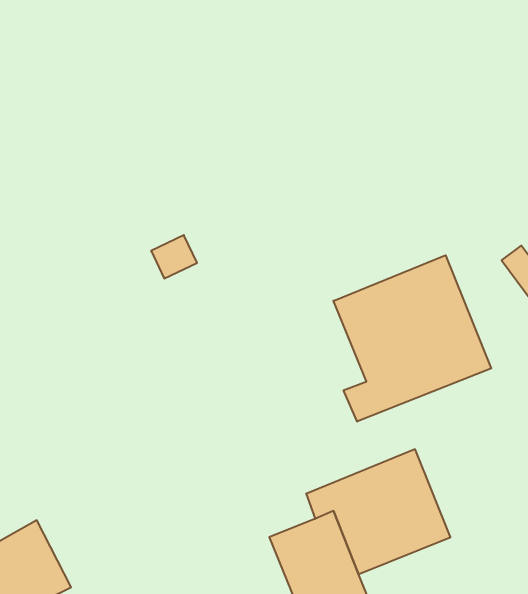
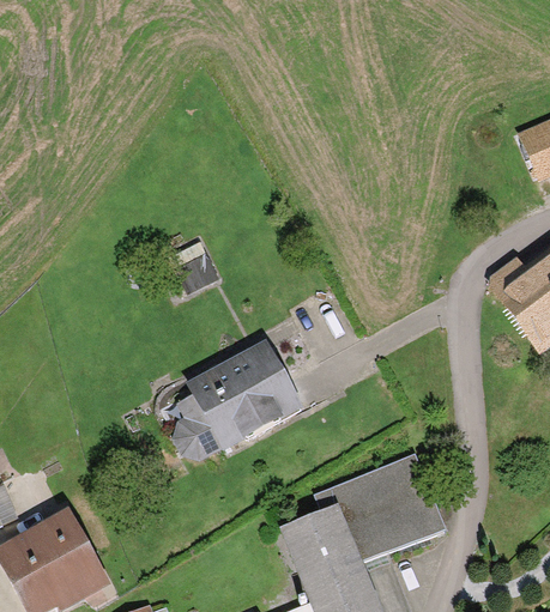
building: [333,255,491,422] -> none
building: none -> [173,343,301,454]

